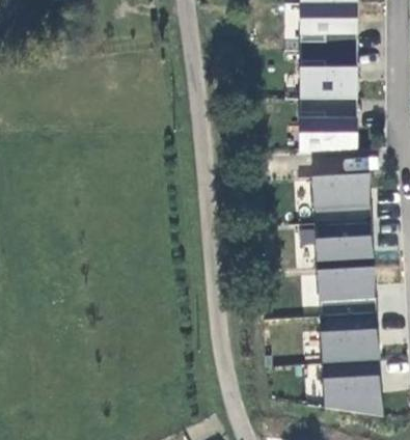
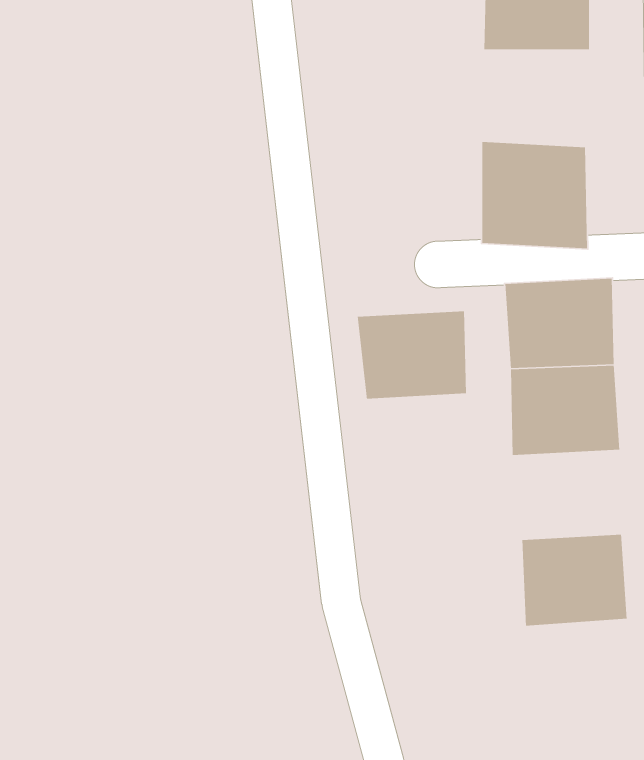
building: [299,48,358,101] -> none
building: [316,267,376,315] -> [357,310,467,400]
building: [323,359,383,417] -> none

